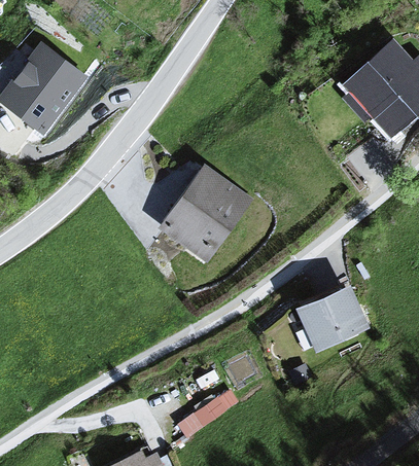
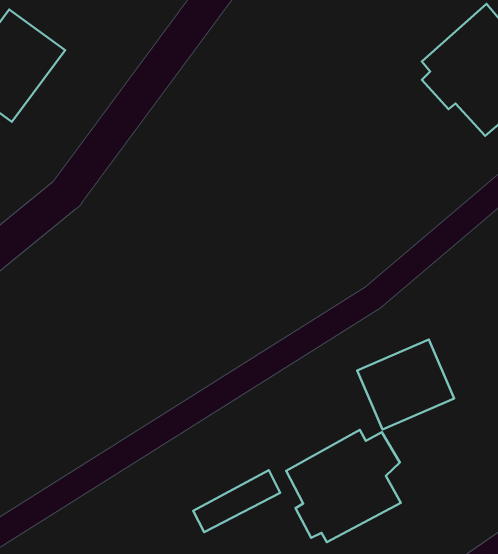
building: [158,166,252,265] -> none
building: none -> [286,430,401,542]

